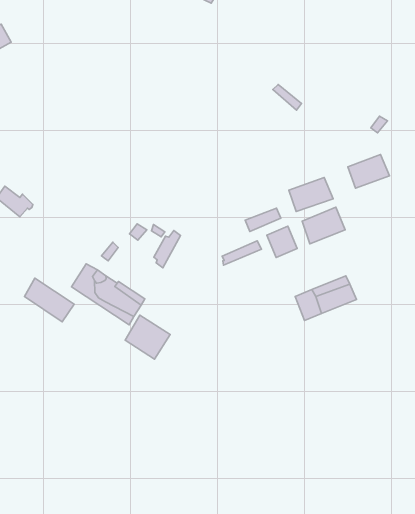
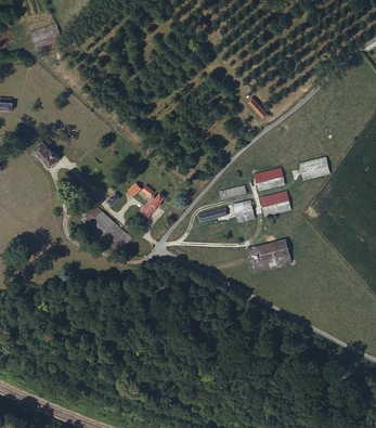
building: [25,278,74,322] -> none
building: [125,315,170,359] -> none

